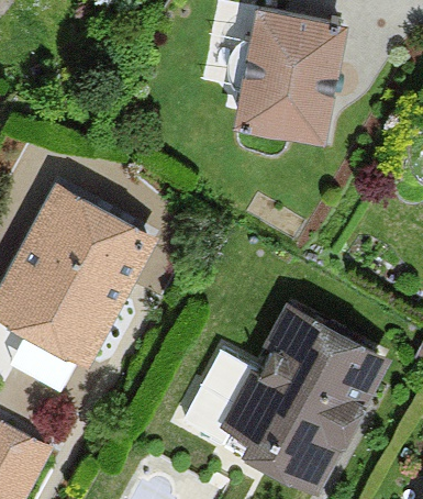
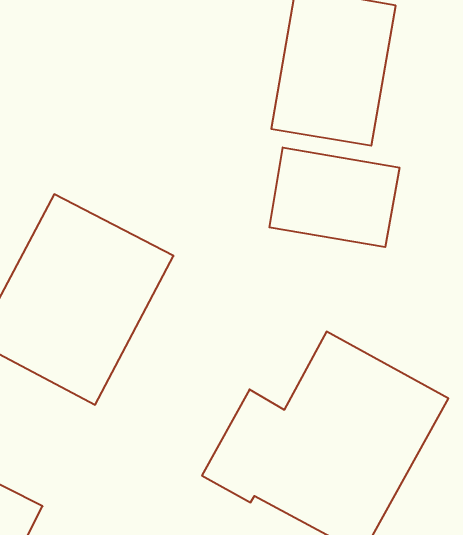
building: none -> [269,147,399,247]

